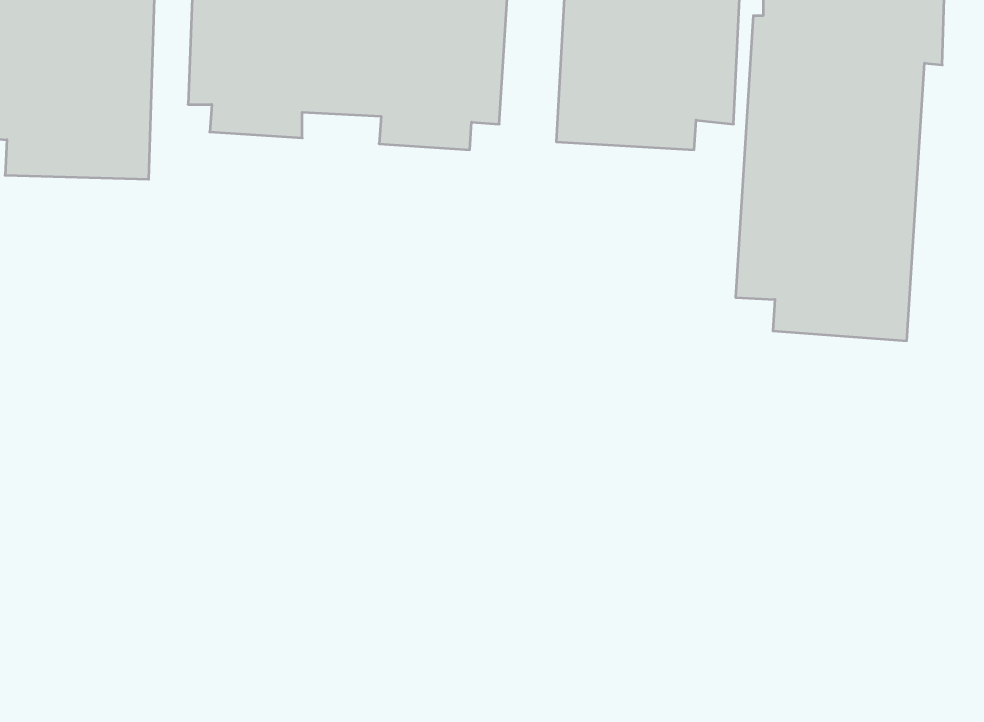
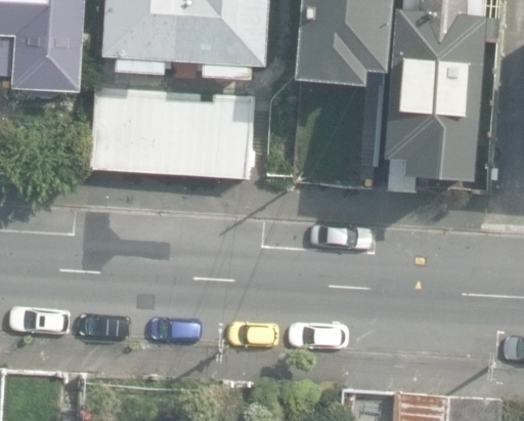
building: none -> [89,87,251,178]

